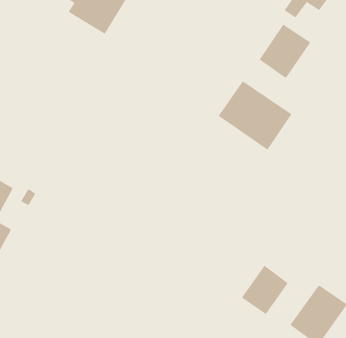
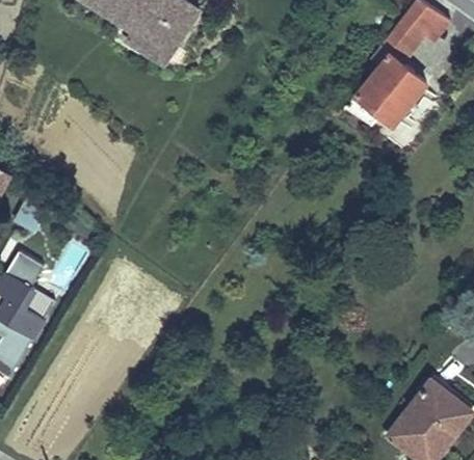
building: [218,81,292,150] -> none
building: [241,265,289,315] -> none

